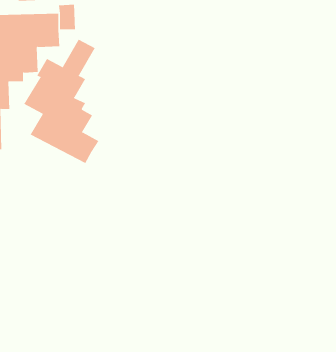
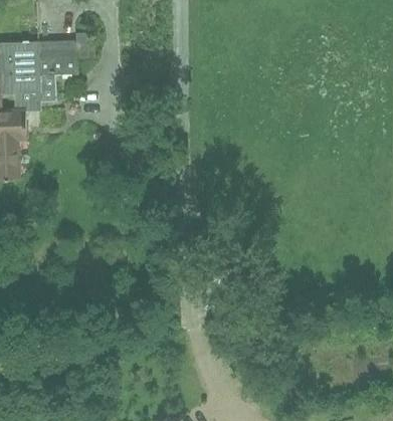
building: [24,39,99,164] -> none

